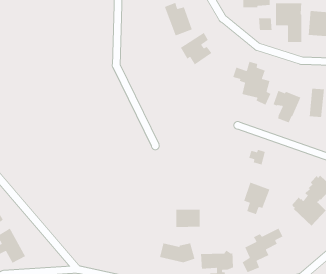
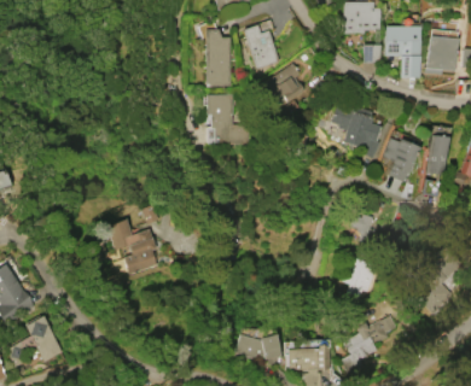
building: none -> [204,29,232,86]
building: none -> [207,94,250,144]
building: none -> [106,218,157,274]
building: [176,209,201,228] -> none

